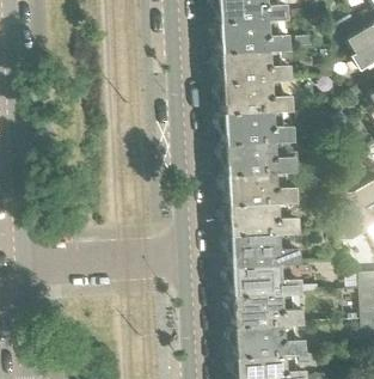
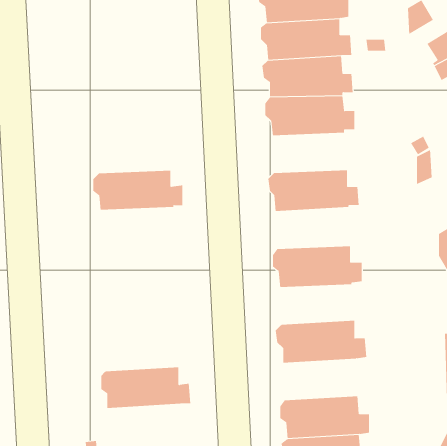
building: [220,112,293,145] -> [92,170,183,210]
building: [222,172,296,206] -> none
building: [226,234,299,267] -> none
building: [229,294,302,328] -> [101,367,191,408]

